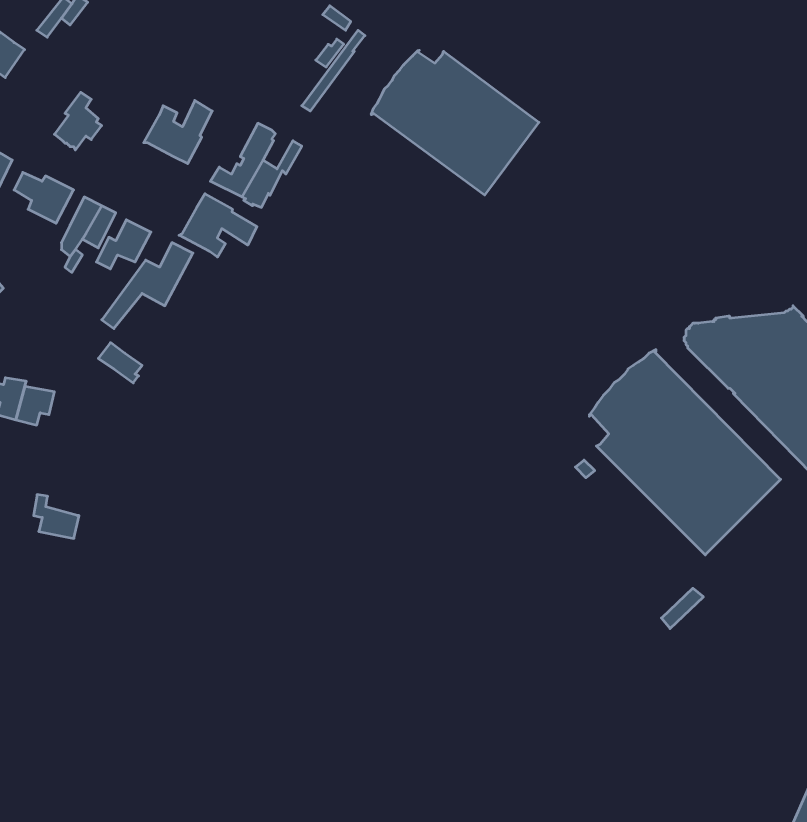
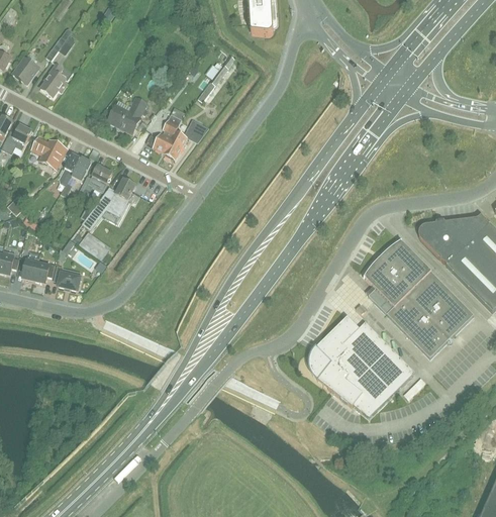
building: [371,50,539,195] -> none
building: [54,92,102,150] -> [40,64,68,97]
building: [179,194,257,257] -> none
building: none -> [311,317,415,417]
building: [34,495,79,538] -> [55,265,81,290]

